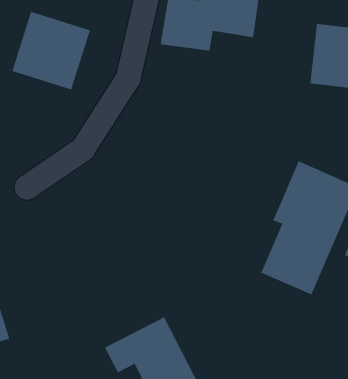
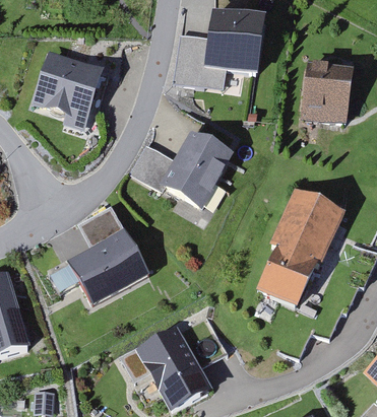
building: none -> [127,124,241,210]
building: none -> [69,203,148,299]

